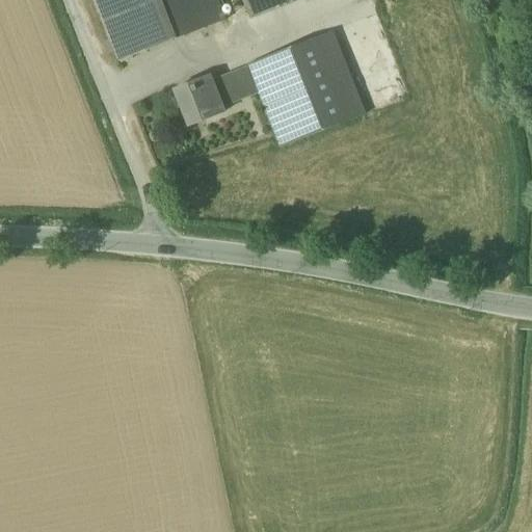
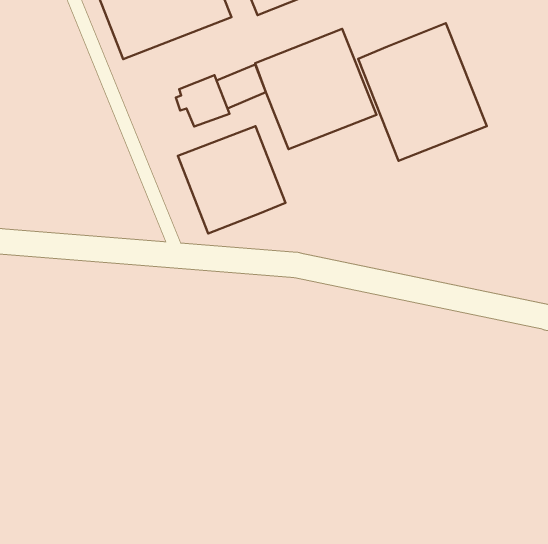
building: none -> [358,23,487,161]
building: none -> [178,126,285,233]

